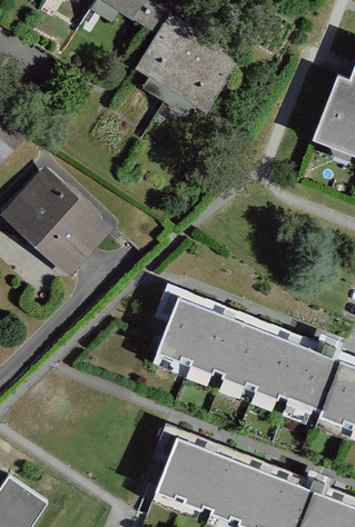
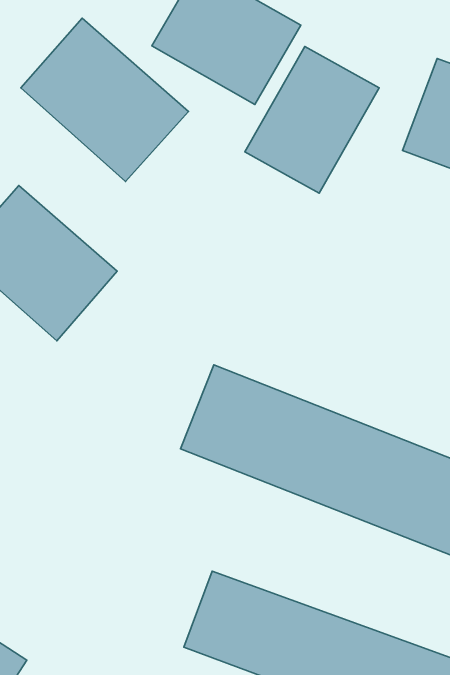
building: none -> [21,18,188,181]
building: none -> [245,46,379,193]

